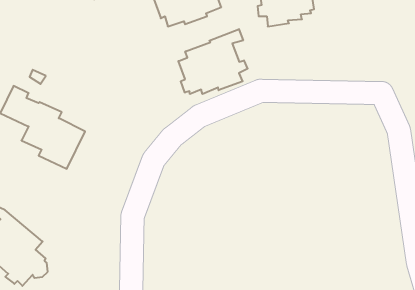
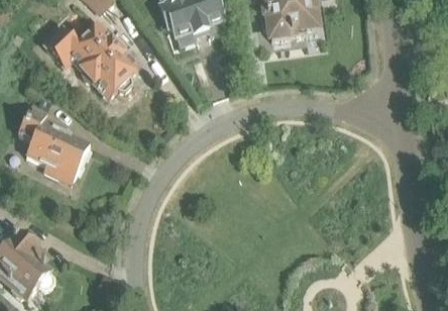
building: none -> [46,29,137,97]
building: [178,29,248,94] -> none

